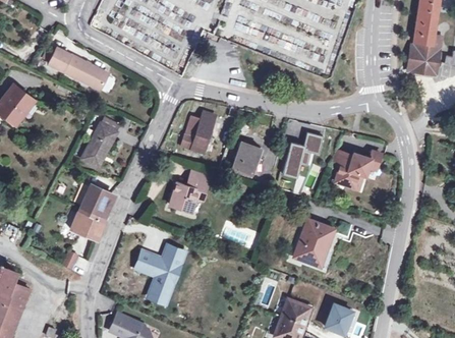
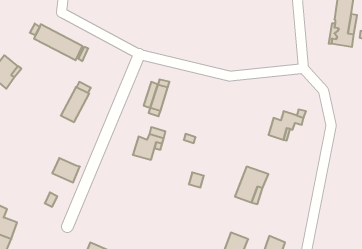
building: [282,132,323,177] -> none
building: [233,143,260,173] -> none
building: [79,184,112,219] -> none
building: [135,245,186,305] -> none

